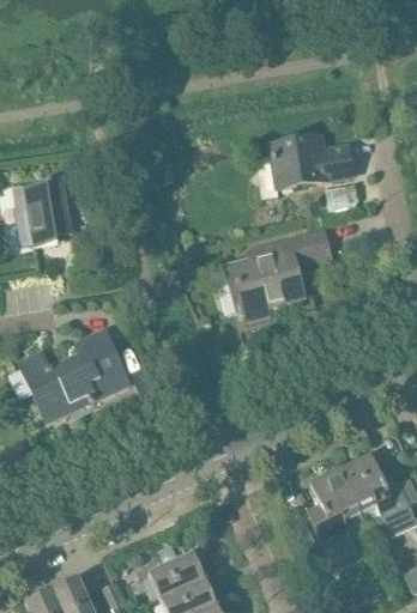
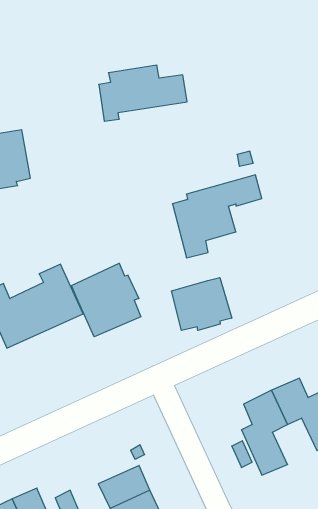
building: [255,135,353,198] -> [99,65,187,121]
building: none -> [72,263,141,337]
building: none -> [171,278,232,330]

